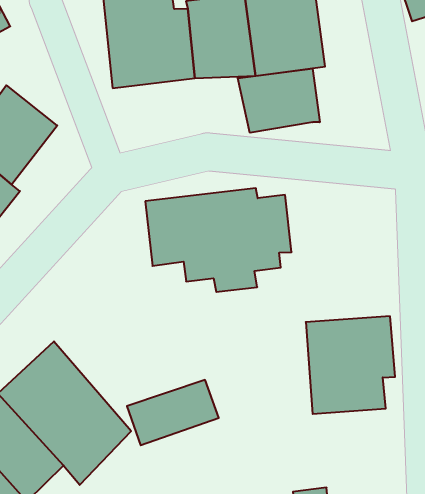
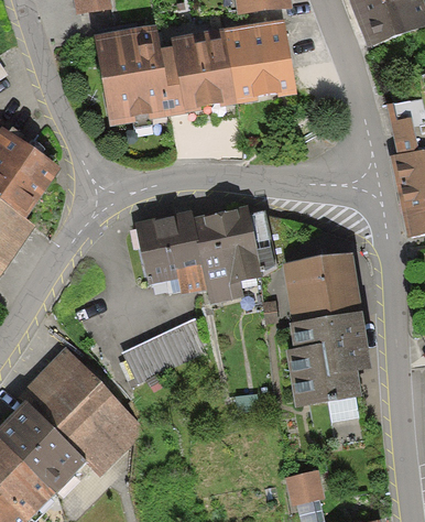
building: [238,68,320,133] -> none
building: none -> [281,248,366,322]
building: [127,380,219,445] -> [121,320,204,382]

